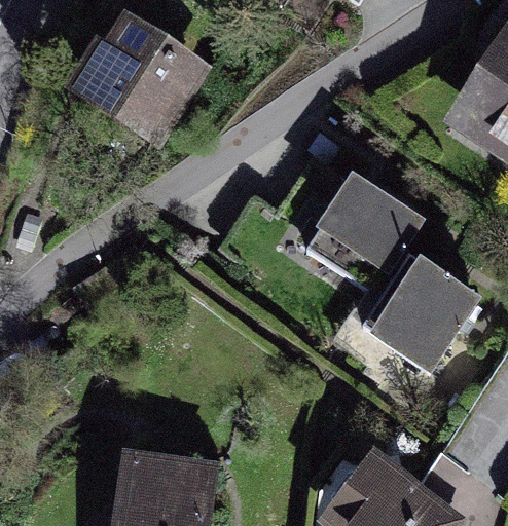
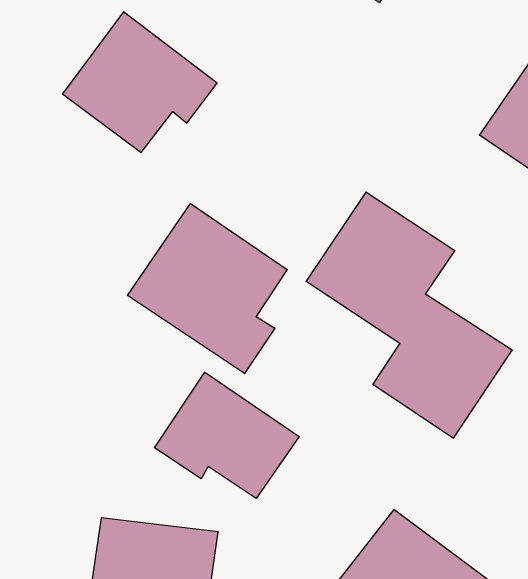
building: none -> [127,204,287,374]
building: none -> [154,372,299,498]

